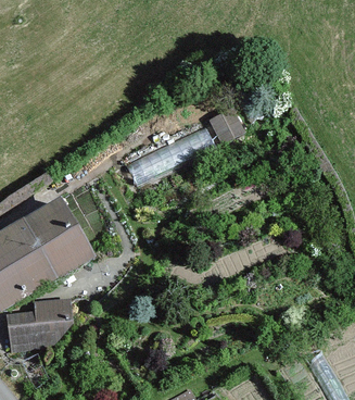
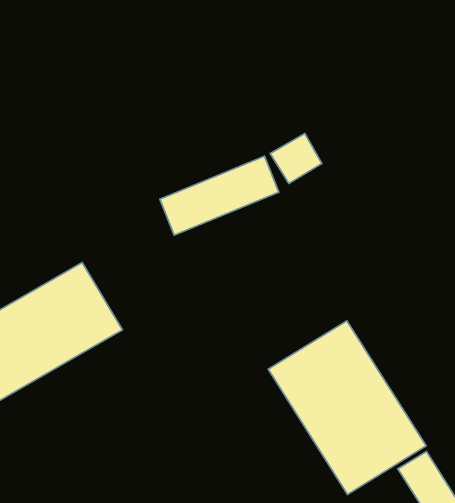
building: none -> [268,321,426,494]
building: [9,302,68,347] -> none

